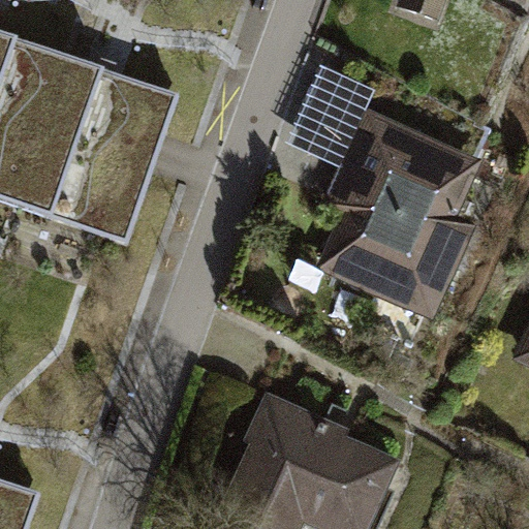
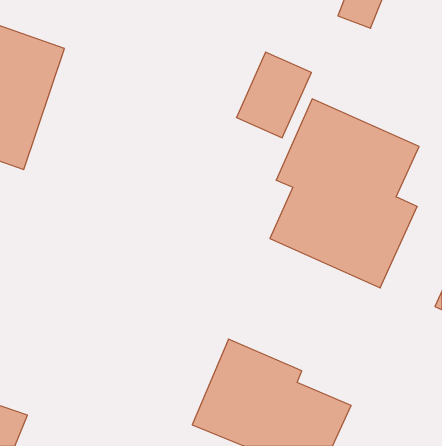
building: [28,57,174,231] -> none

